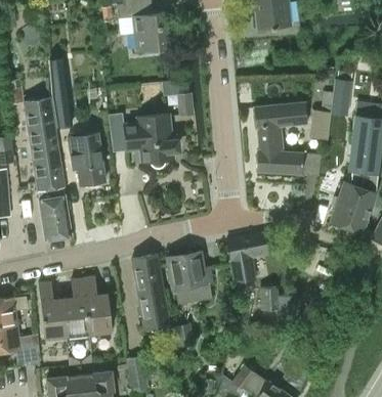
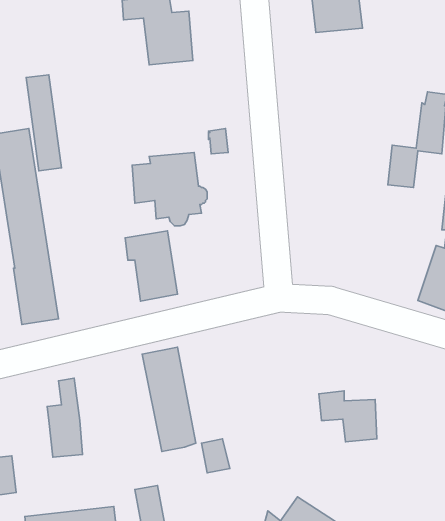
building: [253,102,306,174] -> none
building: [68,135,105,186] -> [125,231,177,301]
building: [226,234,268,283] -> none
building: [168,253,212,304] -> none
building: [82,277,112,334] -> none
building: [38,282,67,338] -> none

